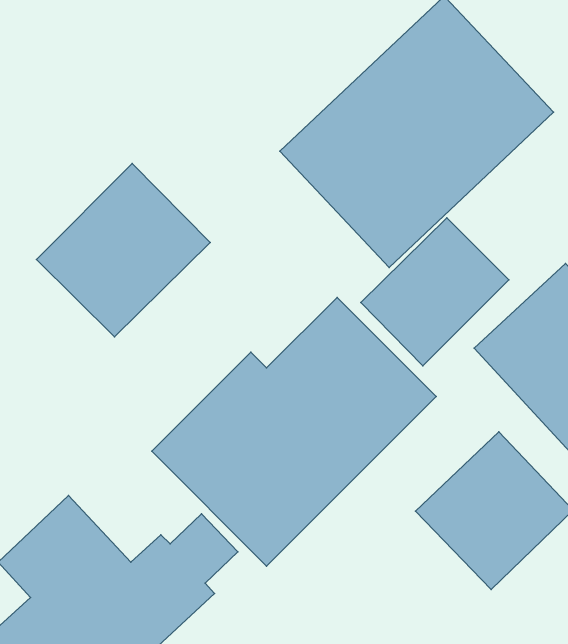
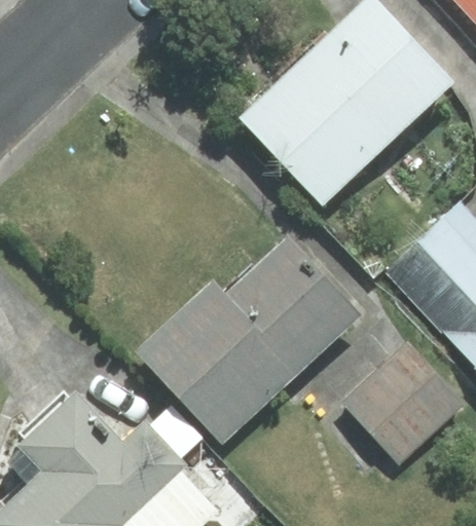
building: [37,164,210,337] -> none
building: [361,218,509,366] -> none

